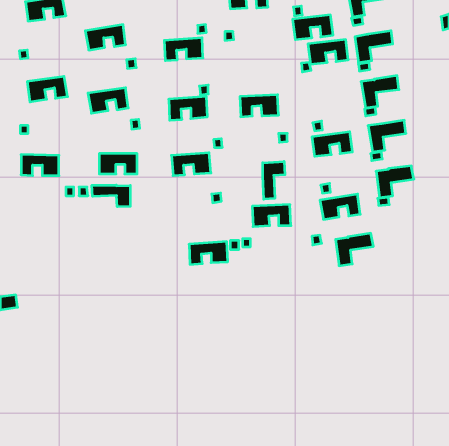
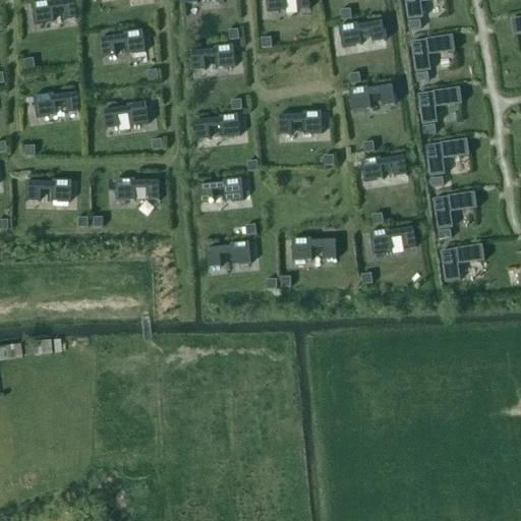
building: [308,40,348,64] -> [349,81,396,110]
building: [263,161,285,199] -> none
building: [92,185,130,207] -> none
building: [336,233,373,266] -> [441,244,484,282]
building: [189,242,228,264] -> [207,240,251,267]

